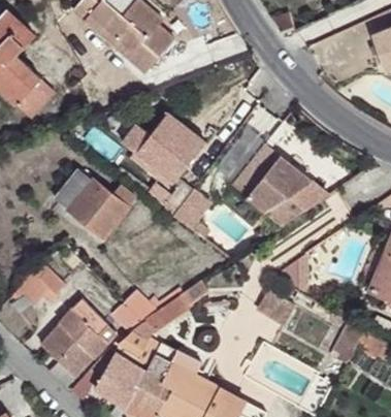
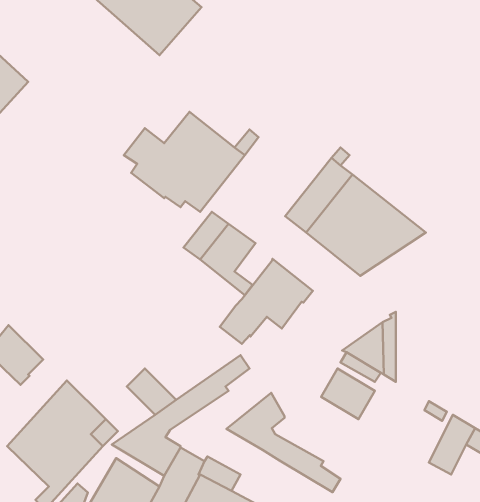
building: [55,168,135,237] -> none
building: none -> [220,259,313,344]
building: none -> [227,393,340,492]

